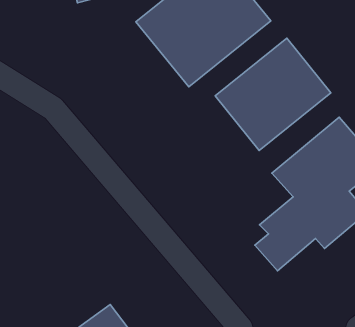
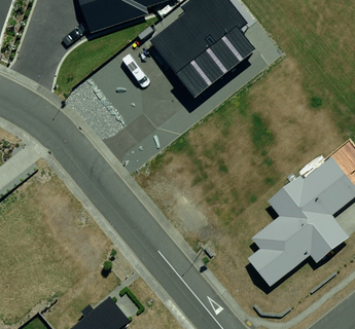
building: [215,38,331,151] -> none

